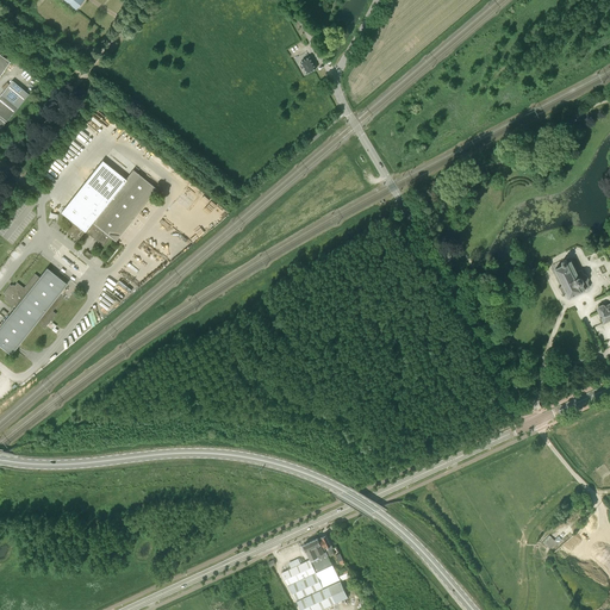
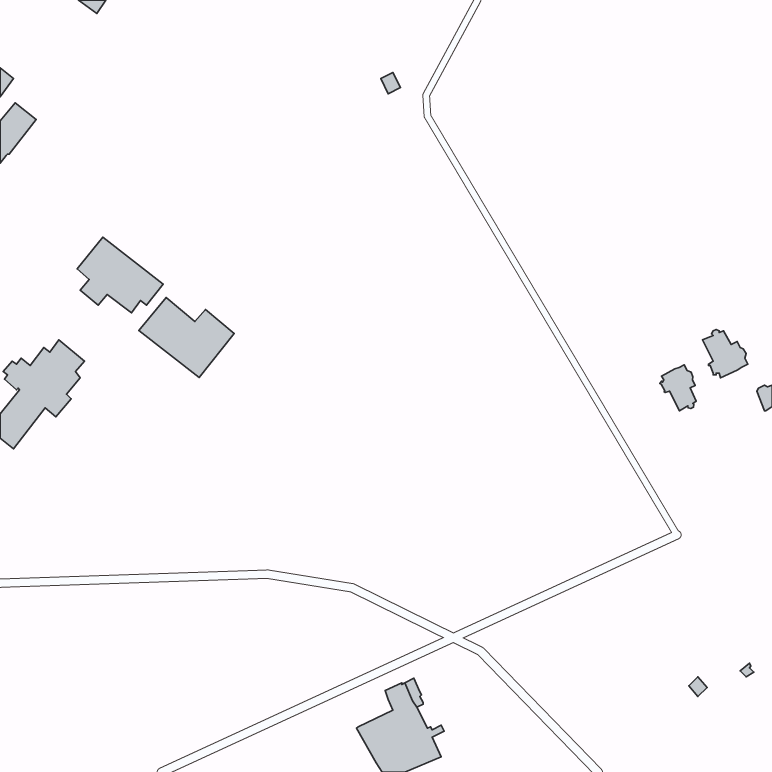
building: [81,161,156,224] -> [139,297,234,377]
building: none -> [660,365,696,411]

